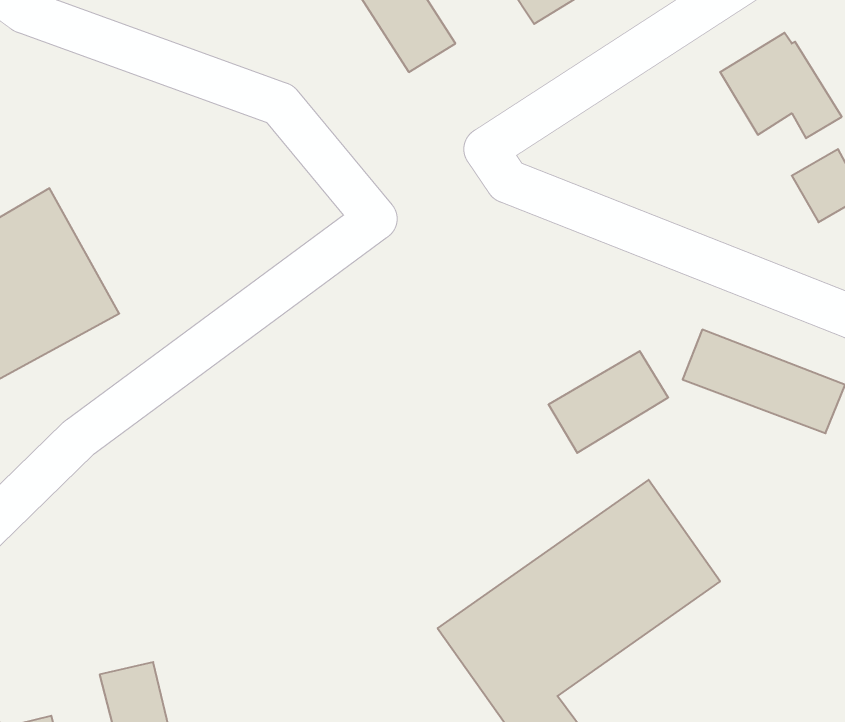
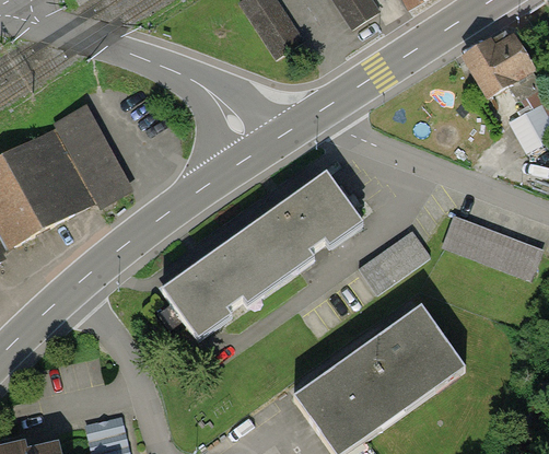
building: none -> [51,104,131,207]
building: none -> [161,173,363,342]

